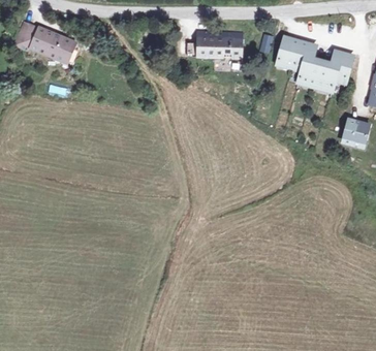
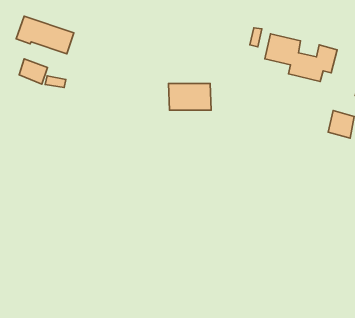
building: [196,30,241,58] -> [169,83,211,110]
building: none -> [19,59,48,84]

